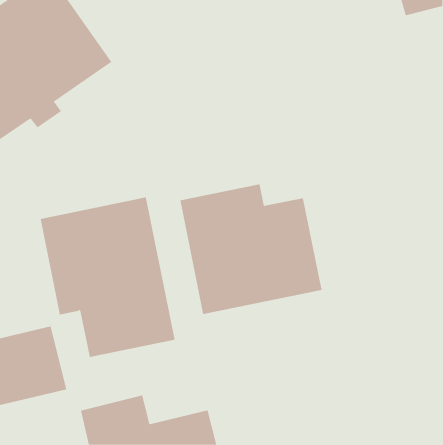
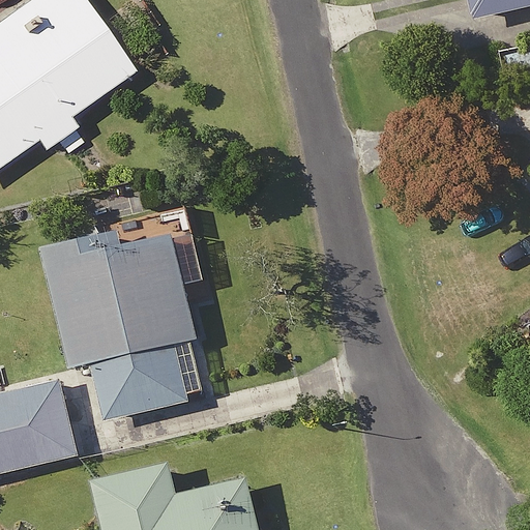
building: [180,183,322,315] -> none

